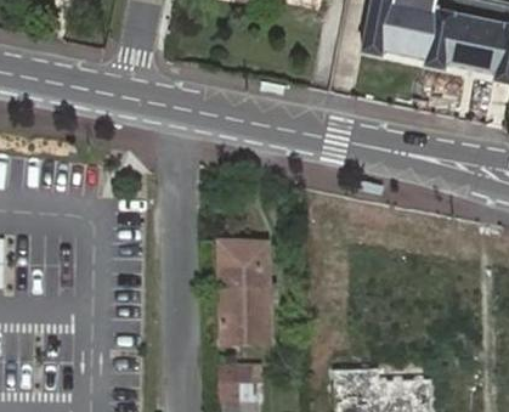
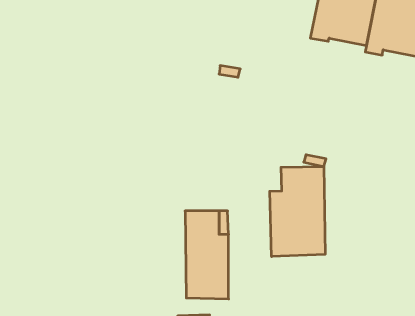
building: none -> [270,166,325,257]

